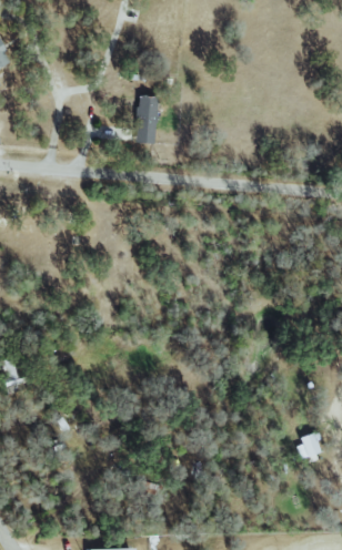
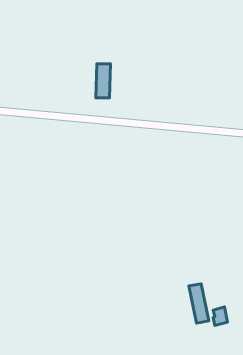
building: none -> [189,284,209,323]

